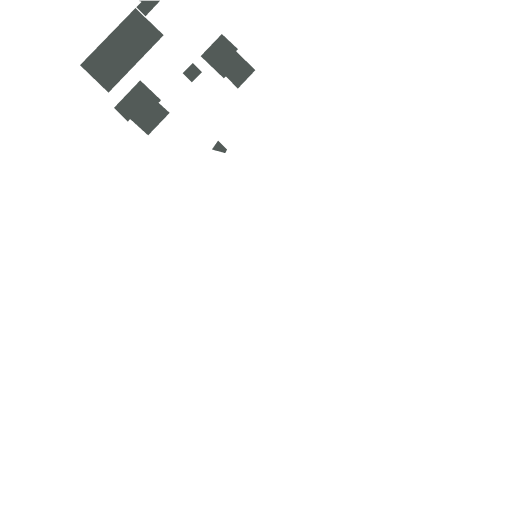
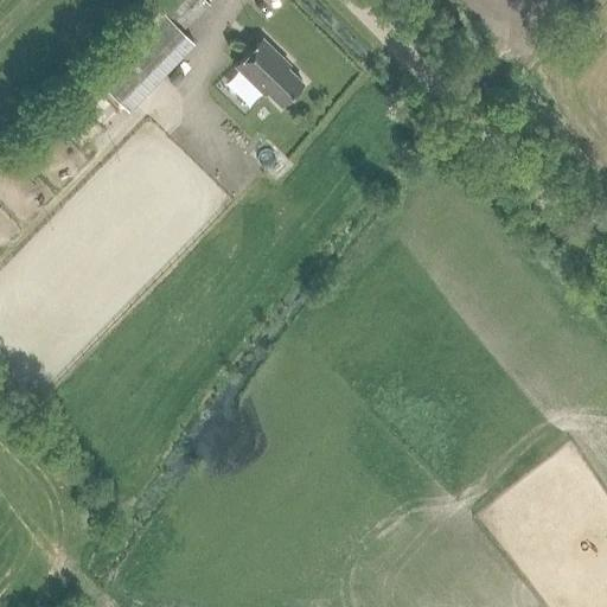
building: [113,80,171,136] -> none

